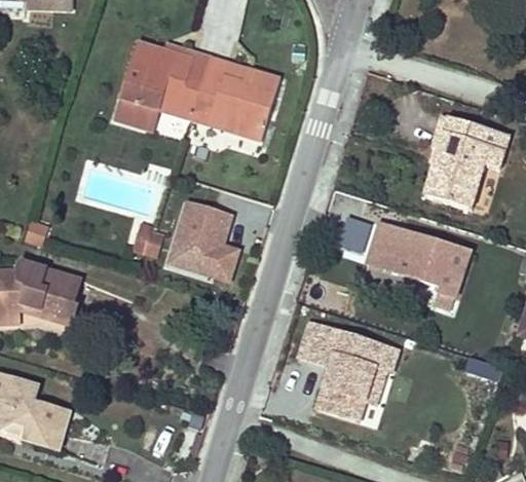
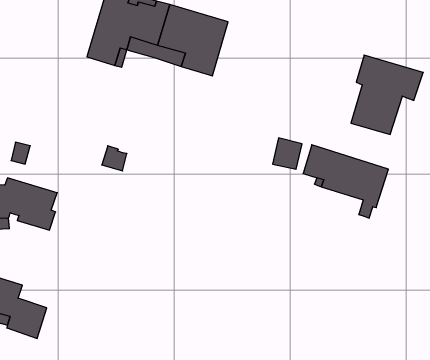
building: [164,198,239,284] -> none
building: [303,324,401,421] -> none

